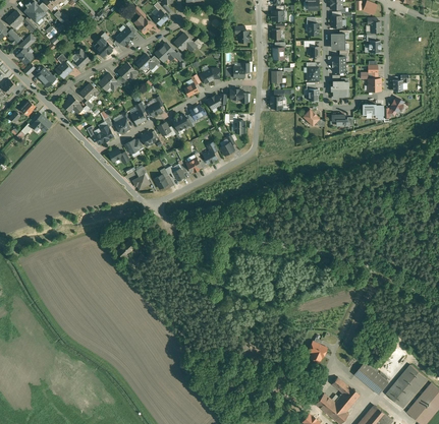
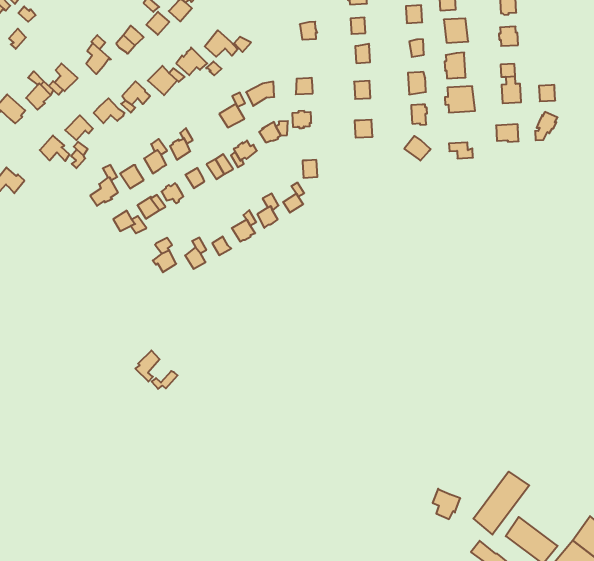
building: none -> [473,472,529,535]

